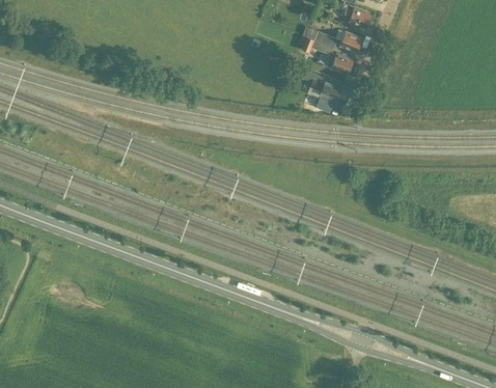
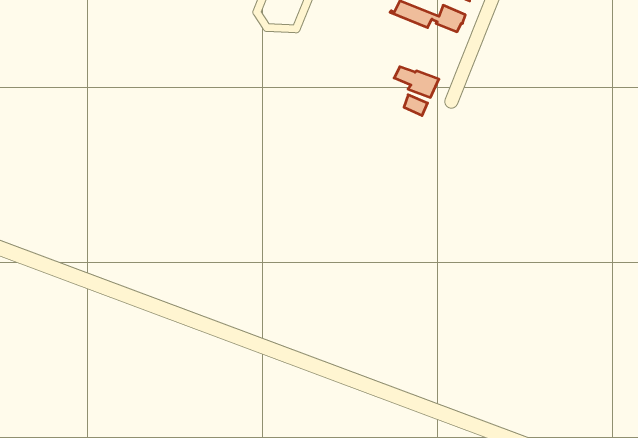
building: [302,36,353,74] -> none

